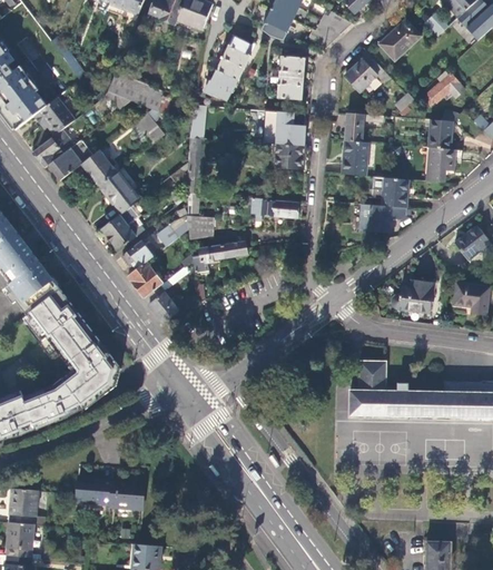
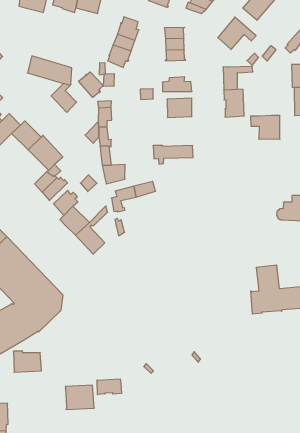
building: none -> [79,72,103,97]
building: [359,204,405,233] -> none
building: none -> [97,379,121,395]
building: [76,475,110,503] -> [13,351,41,372]

